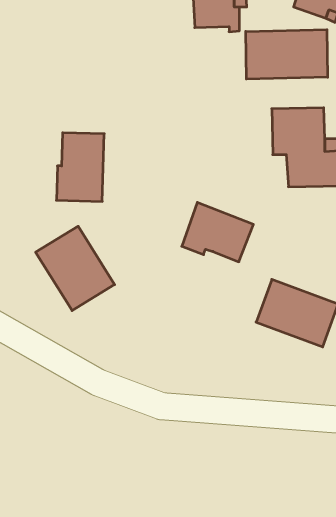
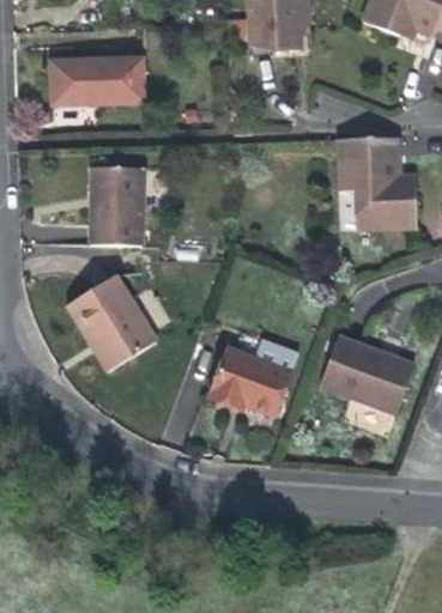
building: [246,30,328,79] -> none
building: none -> [50,57,144,104]
building: [182,202,253,262] -> [208,347,291,415]

